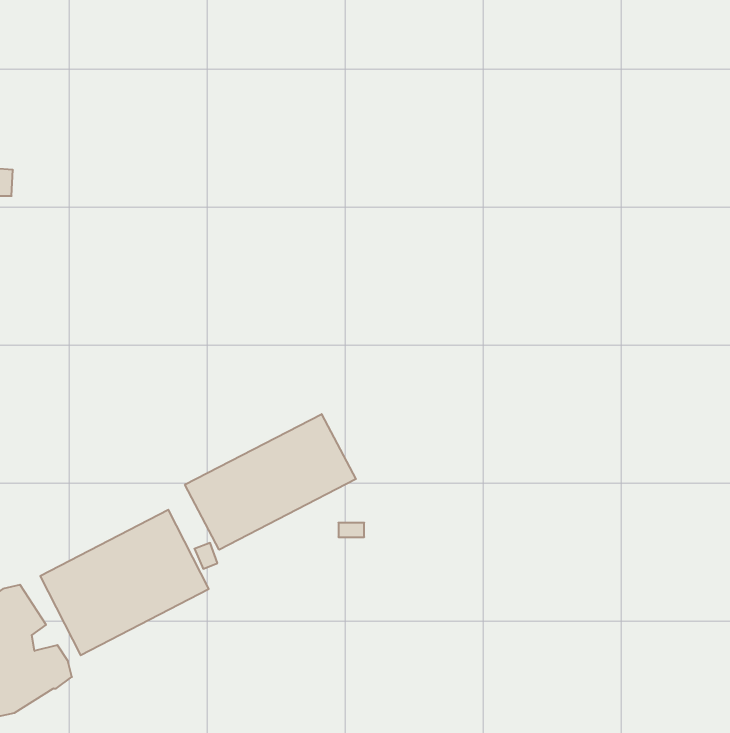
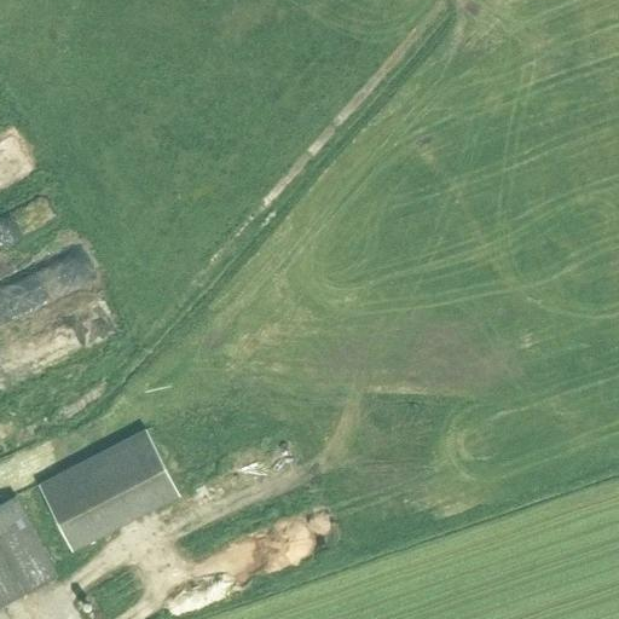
building: [185,414,356,550] -> none

